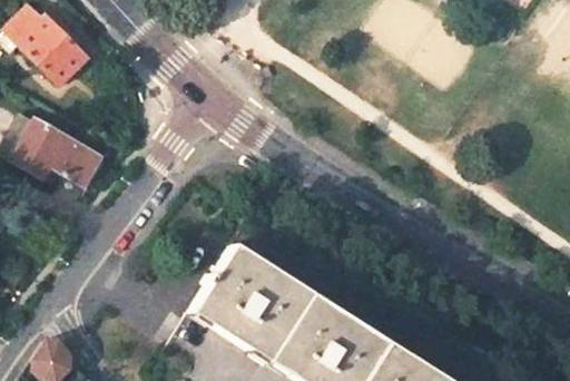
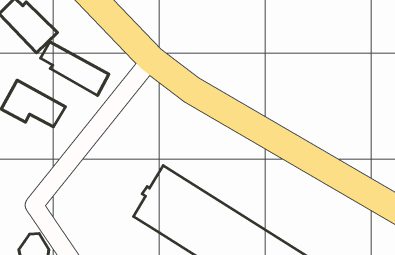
building: none -> [40,42,109,95]

